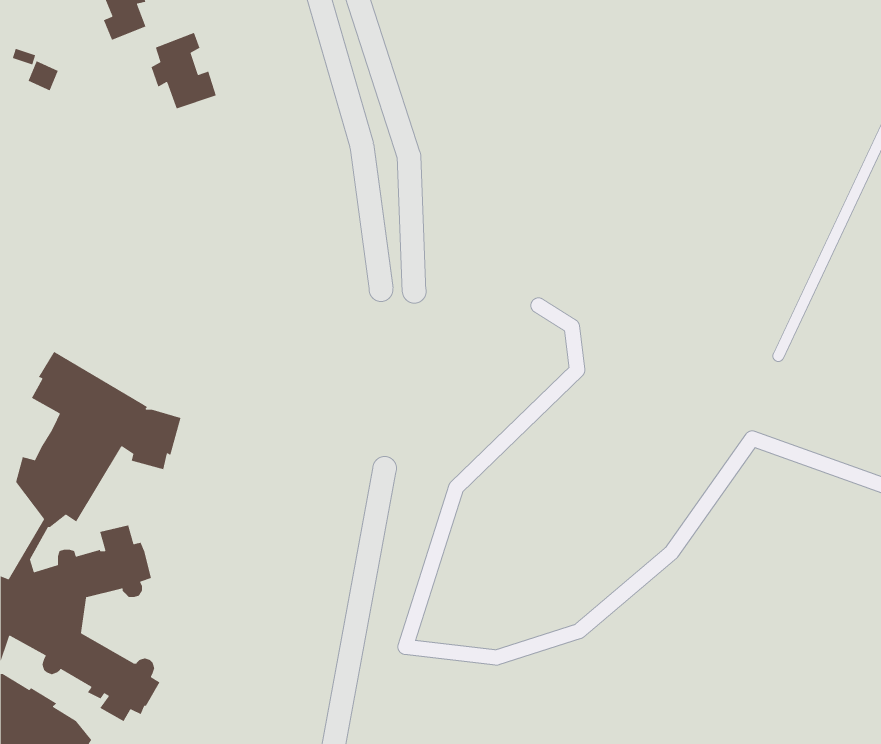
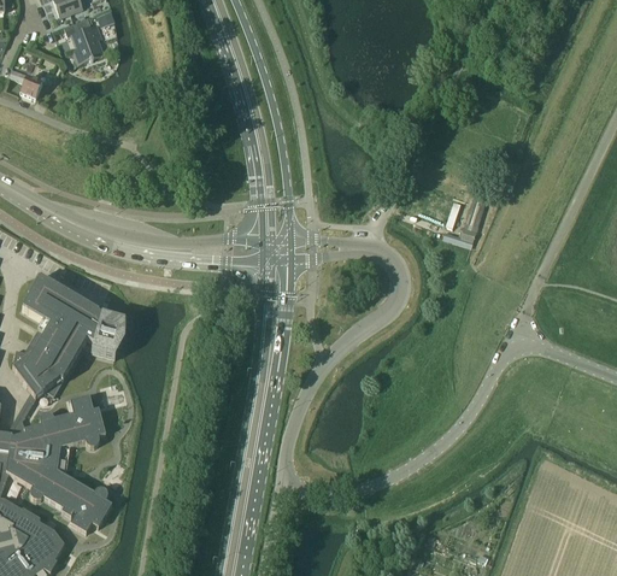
building: [151,32,217,110] -> none

